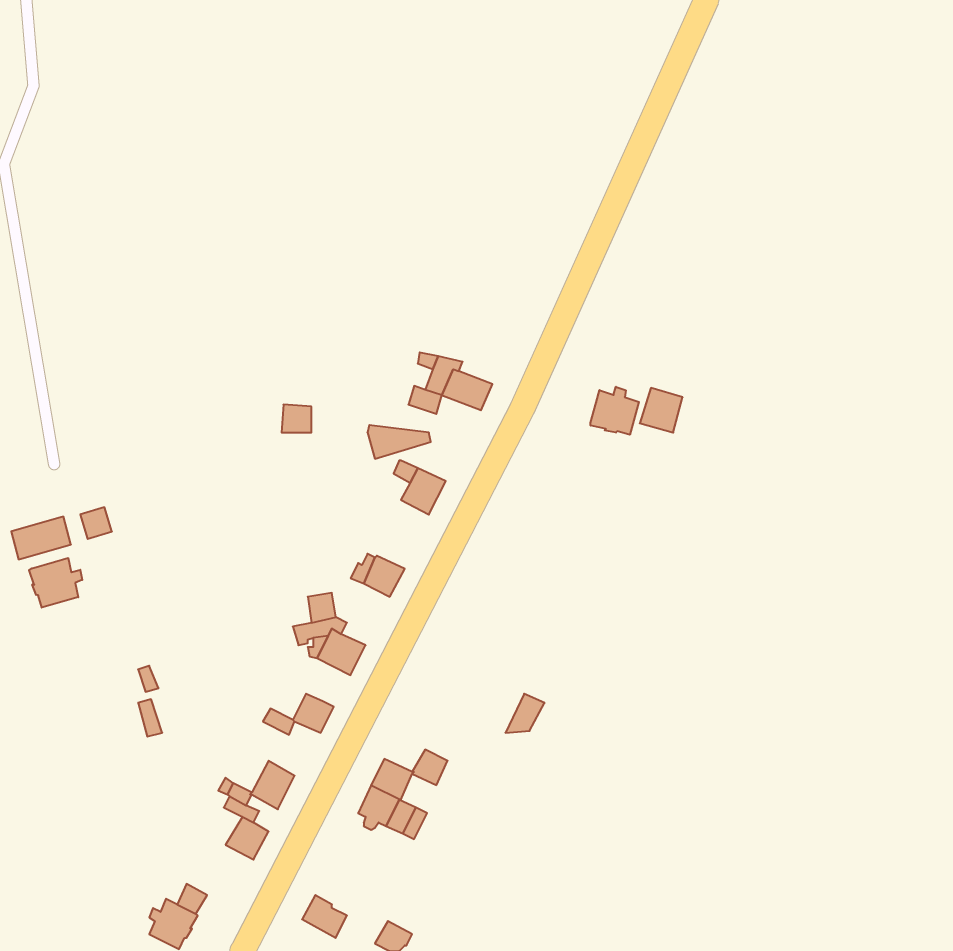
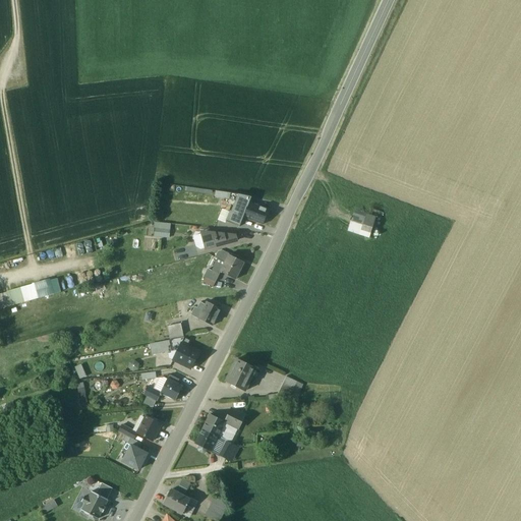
building: [590,387,639,435] -> none
building: [29,558,82,608] -> none
building: none -> [226,359,255,392]

